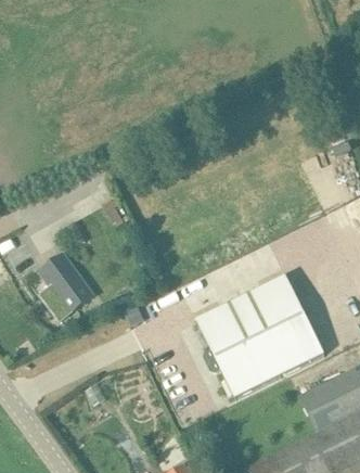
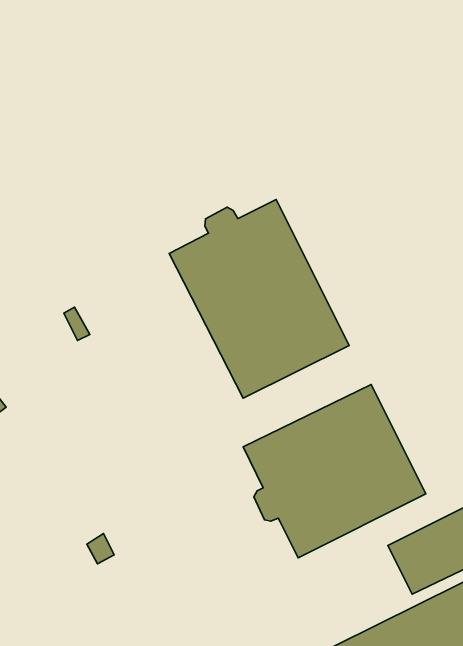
building: none -> [169,199,349,398]
building: [37,252,97,324] -> none

